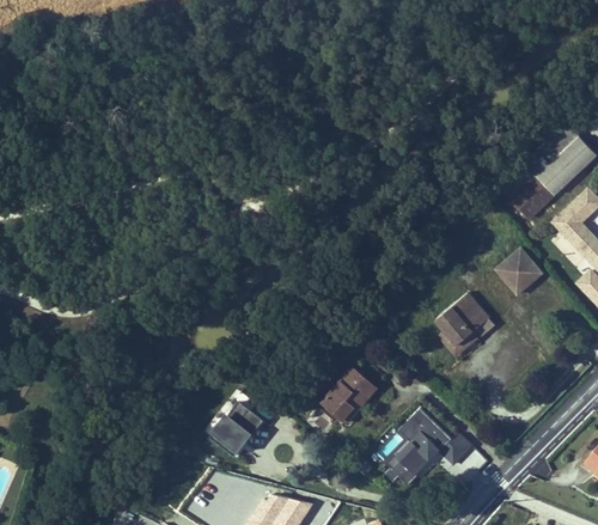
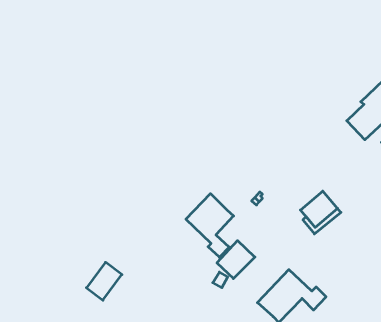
building: [499,249,545,295] -> none
building: none -> [186,194,234,257]
building: [207,403,258,458] -> [86,262,122,300]

